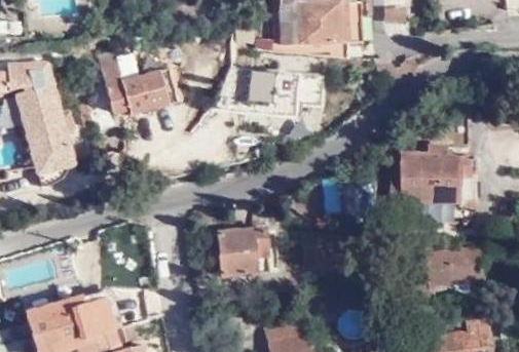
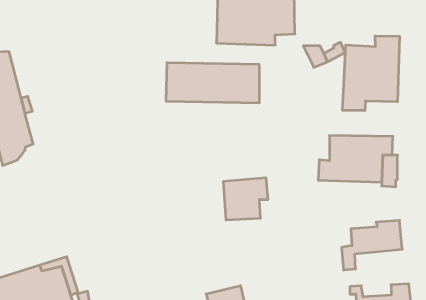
building: none -> [343,36,399,111]
building: [87,55,168,117] -> none
building: [219,226,268,272] -> [223,178,268,220]

